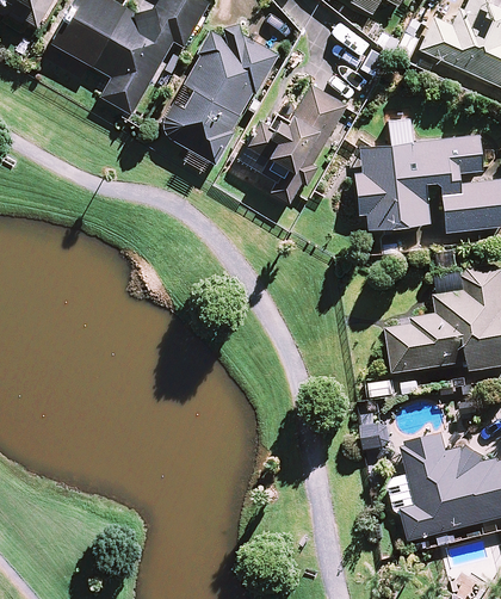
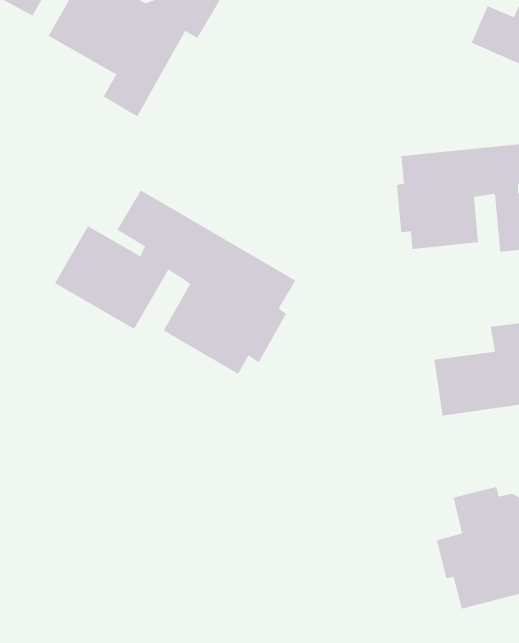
building: [161,21,276,163] -> none
building: [231,86,346,205] -> none
building: none -> [54,190,296,375]

